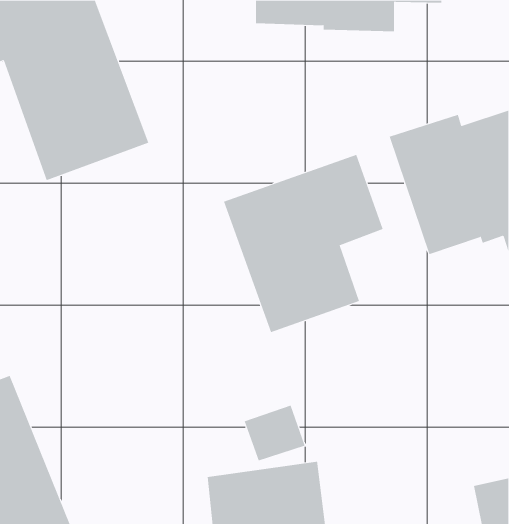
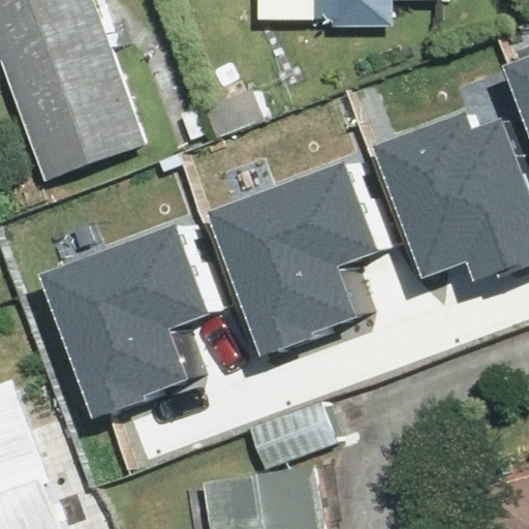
building: none -> [56,224,217,404]

